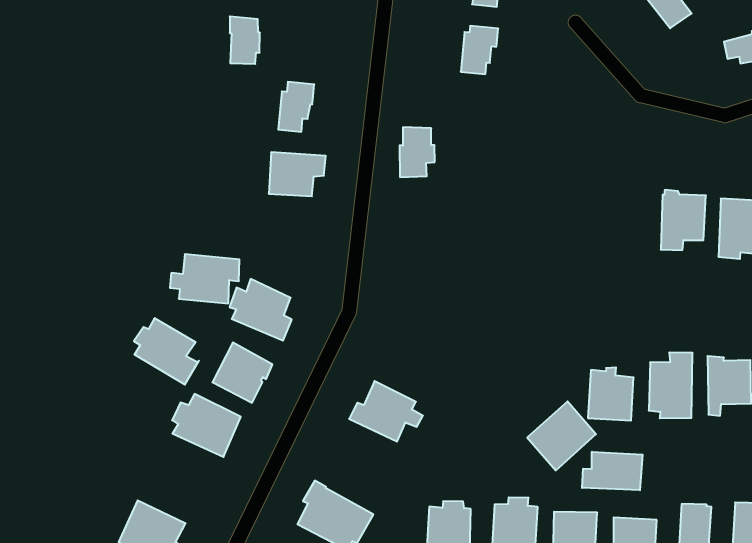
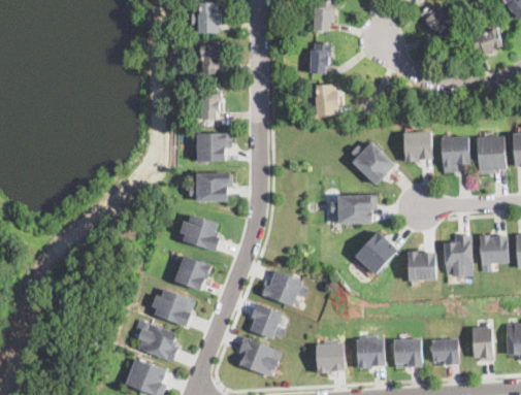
building: [230,16,260,64] -> [199,46,220,75]
building: [400,127,435,177] -> [315,86,337,118]
building: none -> [403,131,432,162]
building: none -> [352,142,395,185]
building: [170,254,239,303] -> [190,173,232,201]
building: none -> [331,195,377,224]
building: [134,318,199,385] -> [137,323,178,362]
building: [527,401,596,470] -> [356,231,398,274]
building: none -> [249,303,284,339]
building: [582,452,643,490] -> none

